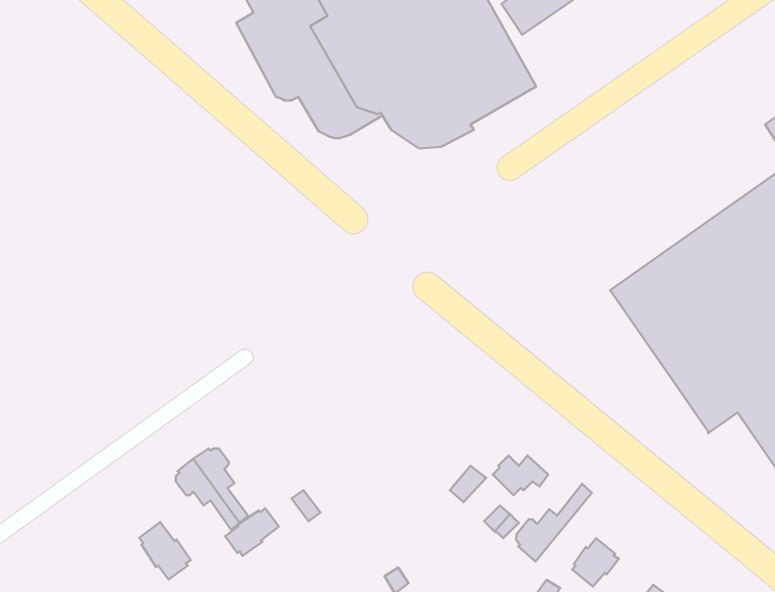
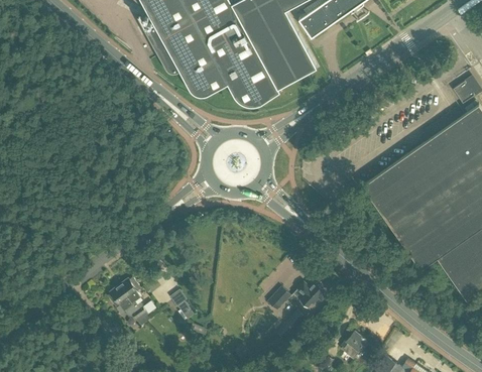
building: [516,484,592,561] -> none
building: [225,508,279,556] -> none
building: [139,522,191,580] -> none

